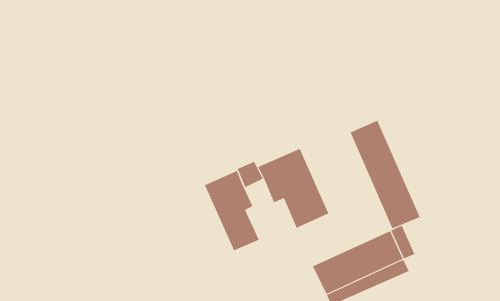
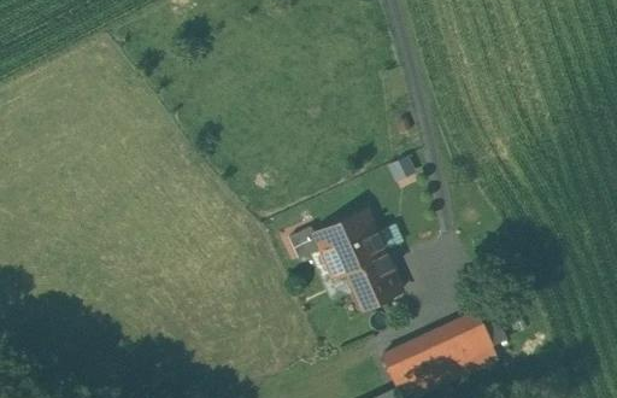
building: [350,120,421,229] -> none
building: [204,170,259,251] -> none

